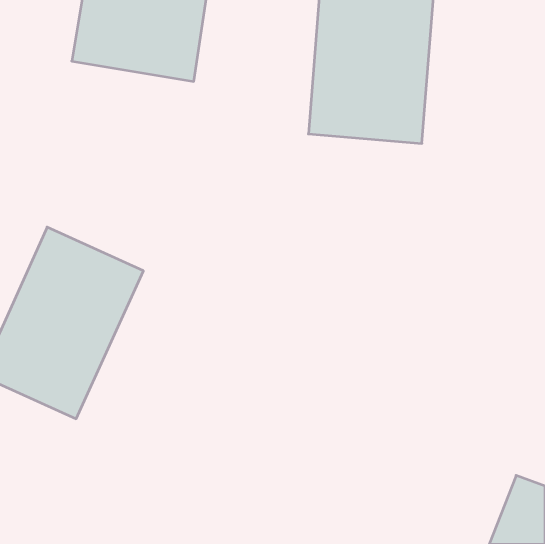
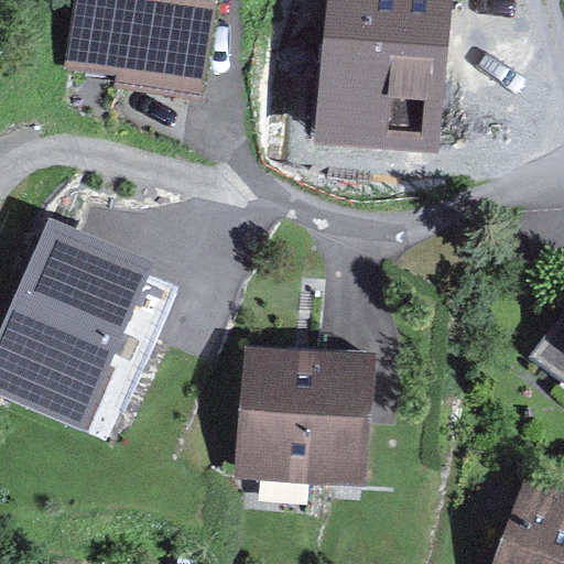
building: none -> [240,362,360,477]

